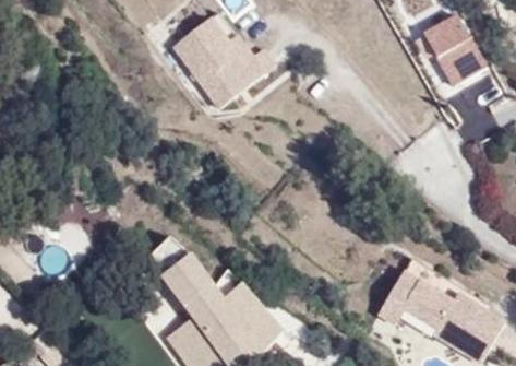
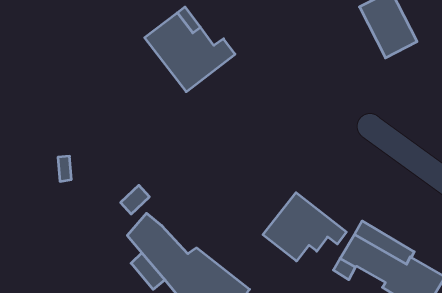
building: none -> [263,193,346,261]

